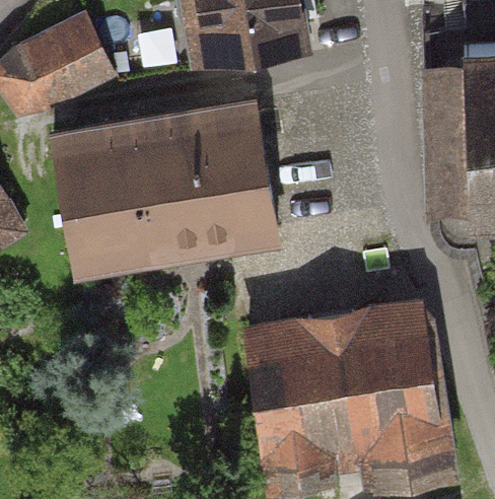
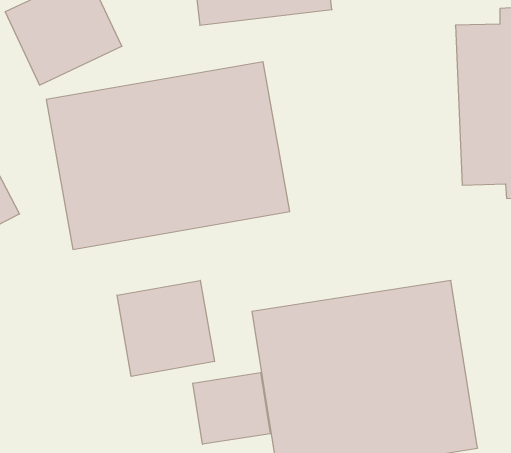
building: none -> [117,280,214,376]
building: none -> [193,373,270,444]

